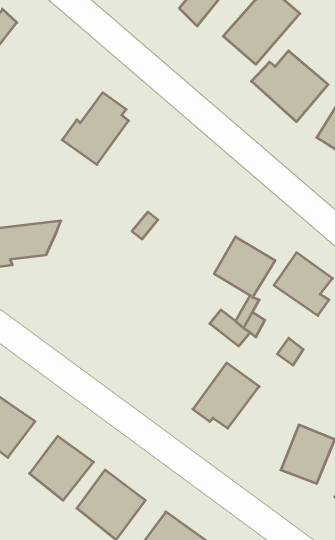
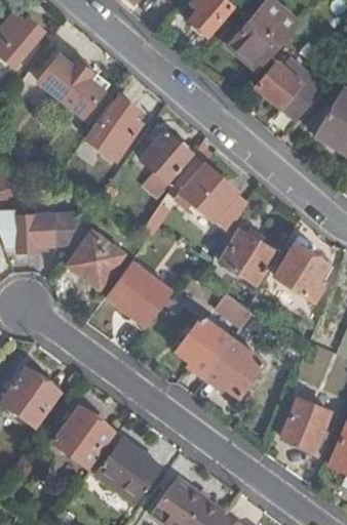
building: none -> [42,54,108,116]
building: none -> [143,130,194,183]
building: none -> [169,158,250,231]
building: none -> [65,223,123,288]
building: none -> [105,264,172,328]
building: none -> [172,319,233,383]

